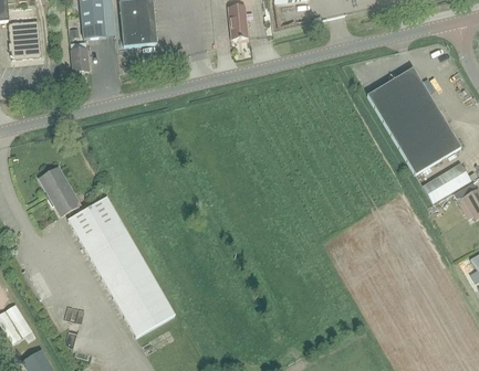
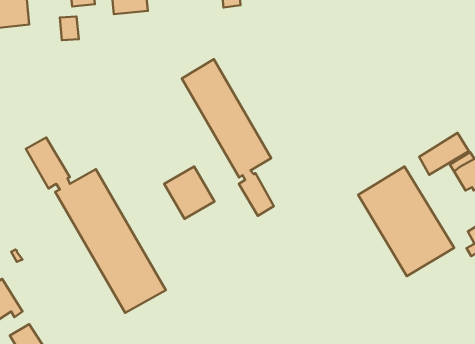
building: [367,67,461,174] -> [358,166,454,276]
building: none -> [182,59,274,216]
building: none -> [164,166,215,219]

